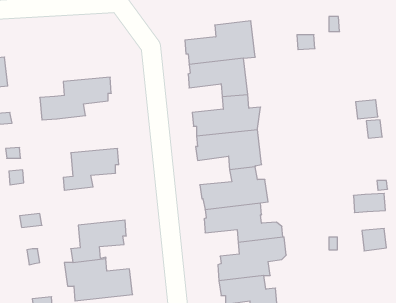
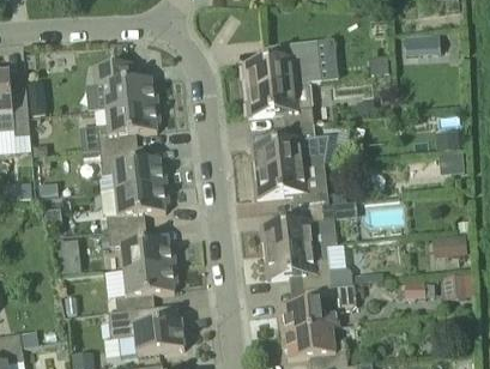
building: none -> [93,59,159,107]
building: none -> [99,145,168,187]
building: none -> [108,225,176,268]

